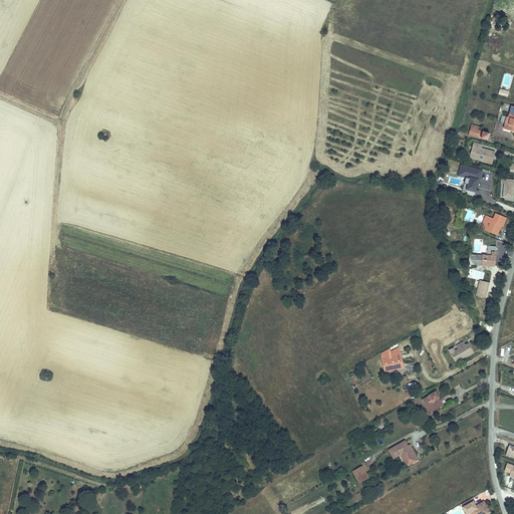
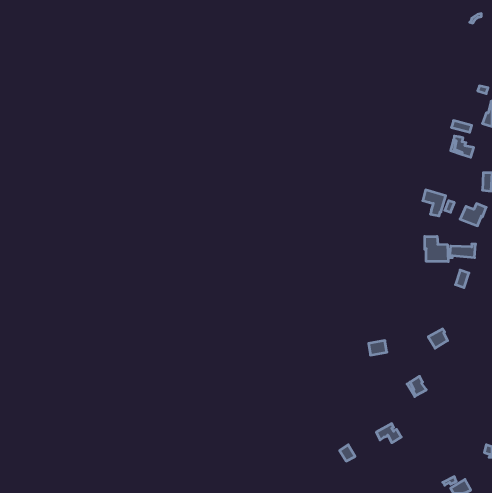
building: [458,164,482,191] -> [423,190,446,216]
building: none -> [425,236,448,262]

